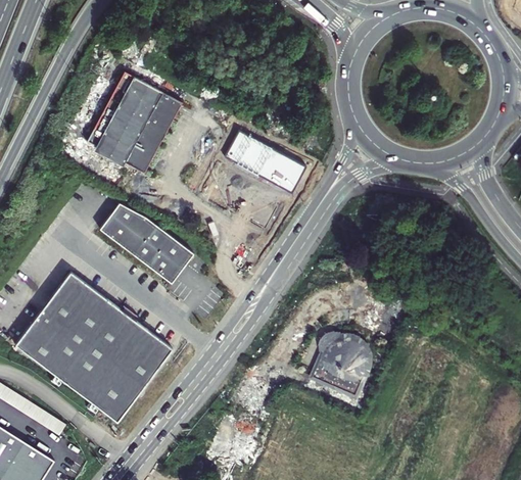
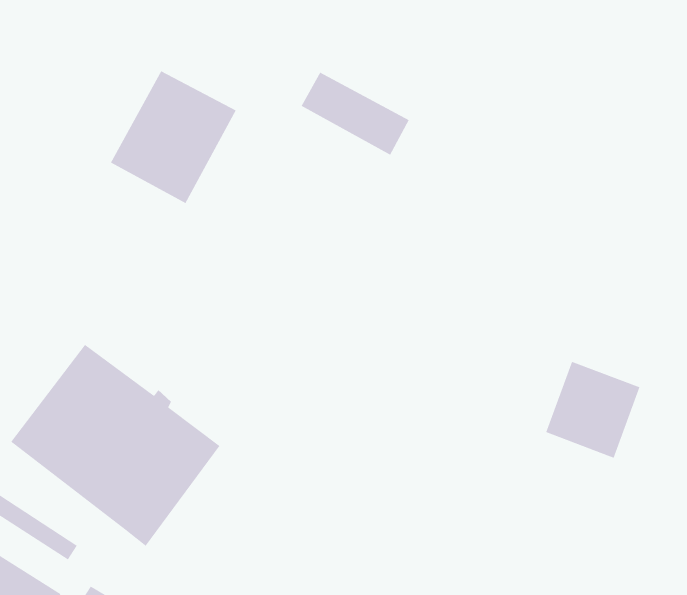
building: [225,132,305,194] -> [300,72,410,156]
building: [101,205,195,284] -> none
building: [310,326,380,398] -> [545,361,641,459]

